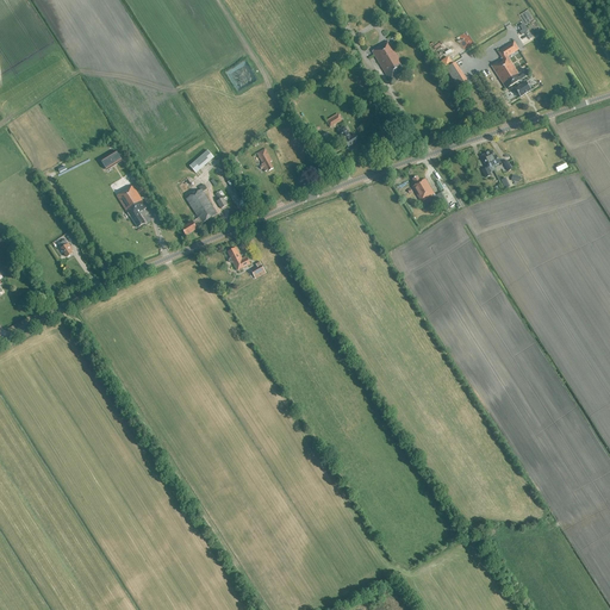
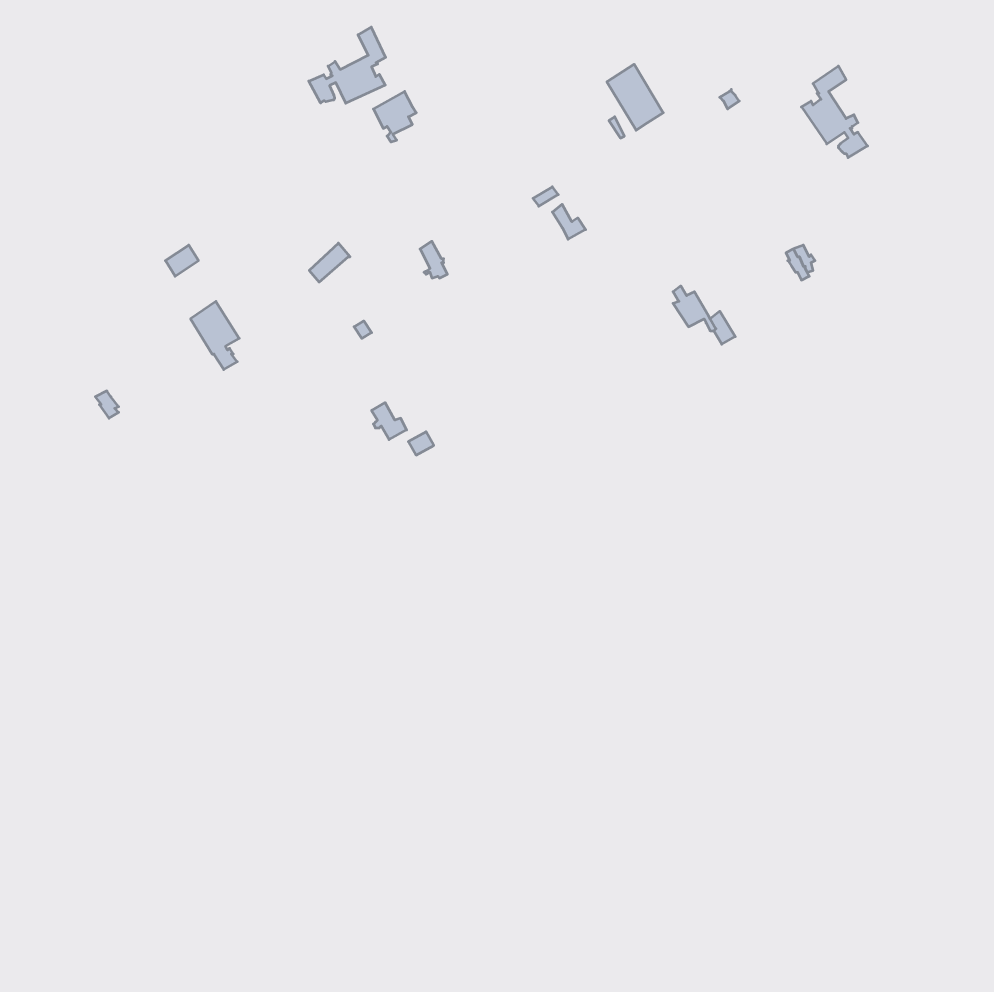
building: none -> [309,27,386,103]
building: [181,183,217,235] -> none

